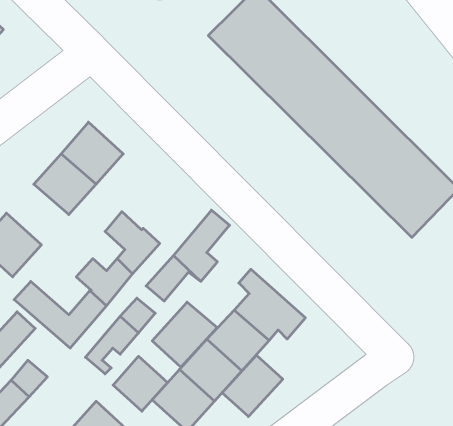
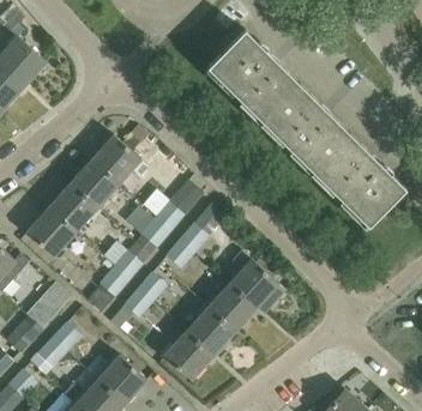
building: none -> [143,183,200,231]
building: none -> [48,185,97,232]
building: [152,302,217,367] -> none
building: [222,355,283,417] -> none
building: [113,356,167,411] -> none

